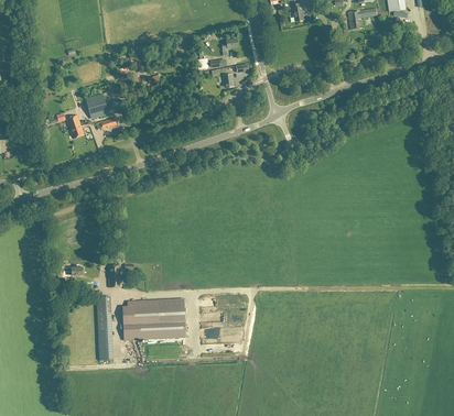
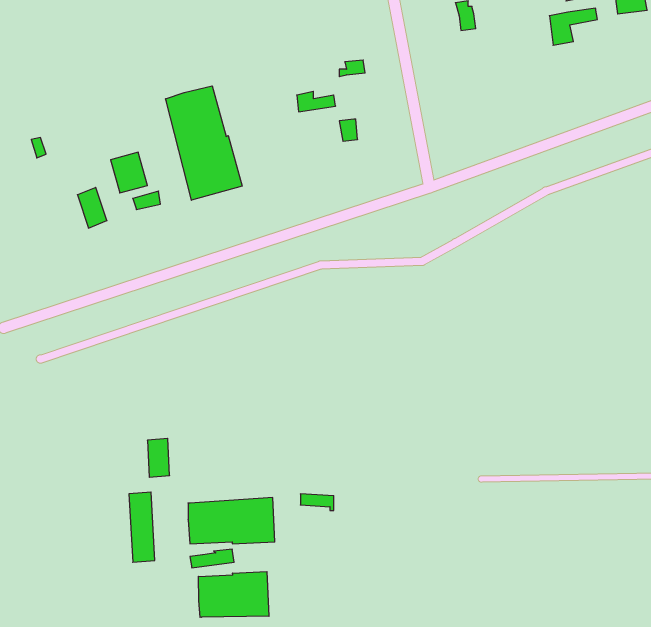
building: none -> [166,86,242,200]
building: none -> [198,572,269,617]

